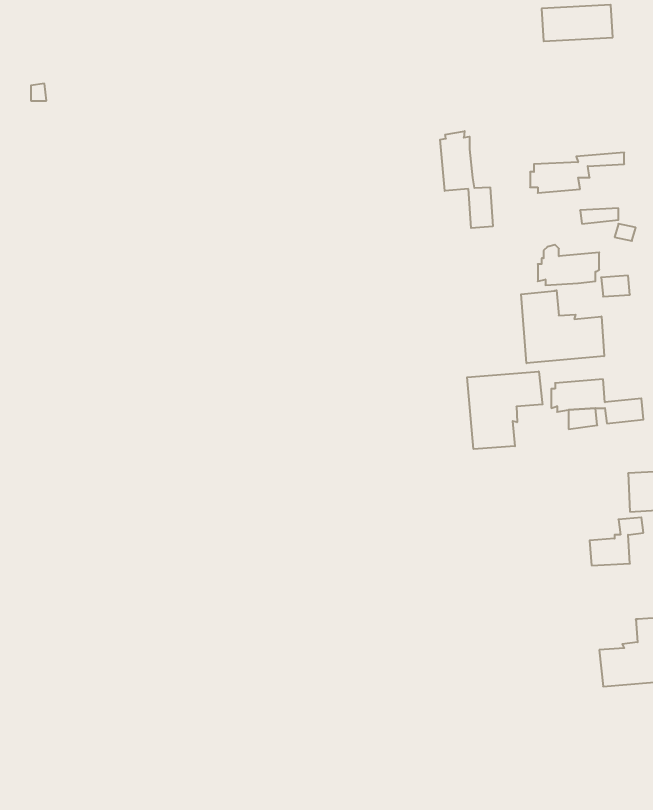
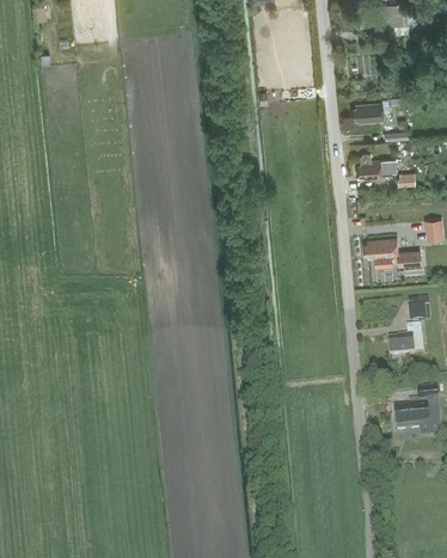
building: [440,131,493,228] -> none
building: [521,290,604,363] -> none
building: [467,371,543,449] -> none

